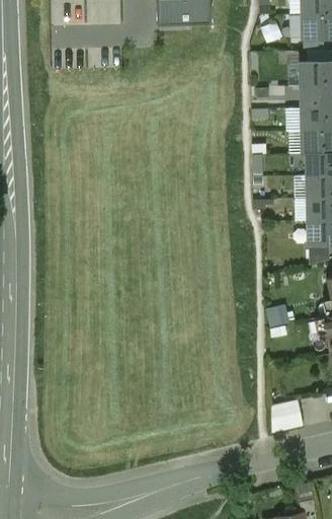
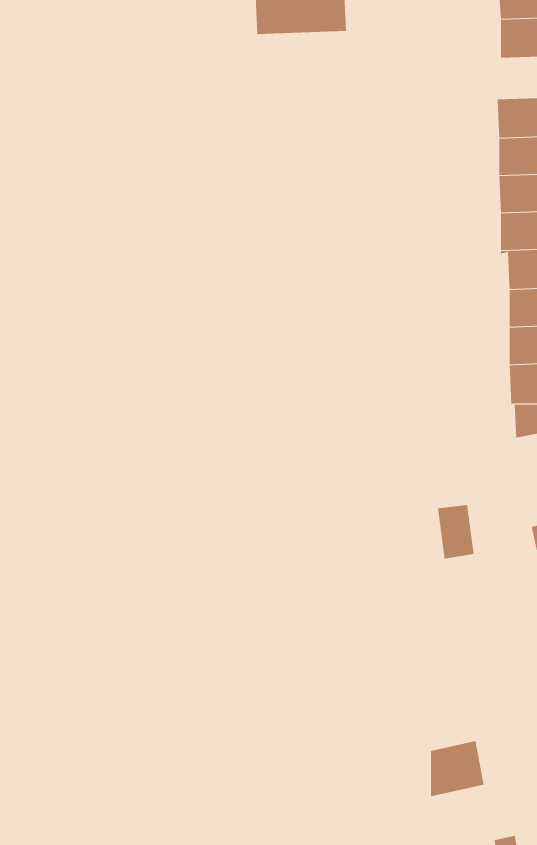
building: [269,399,302,433] -> [430,741,485,797]

